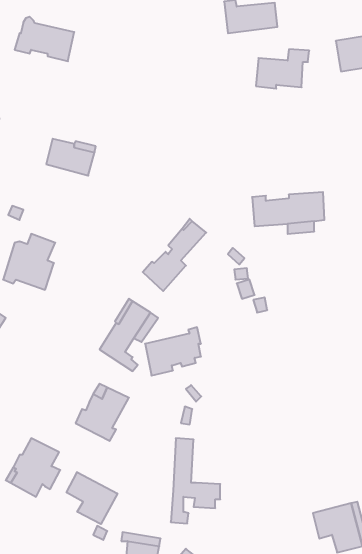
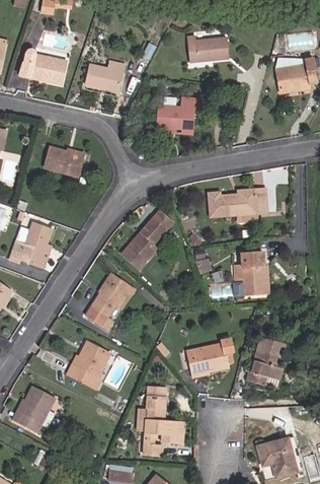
building: none -> [85,61,125,90]
building: [256,49,309,89] -> [156,97,198,129]
building: none -> [234,252,269,295]
building: [145,327,201,376] -> [187,338,232,376]
building: none -> [247,336,285,389]
building: [67,472,117,524] -> none

